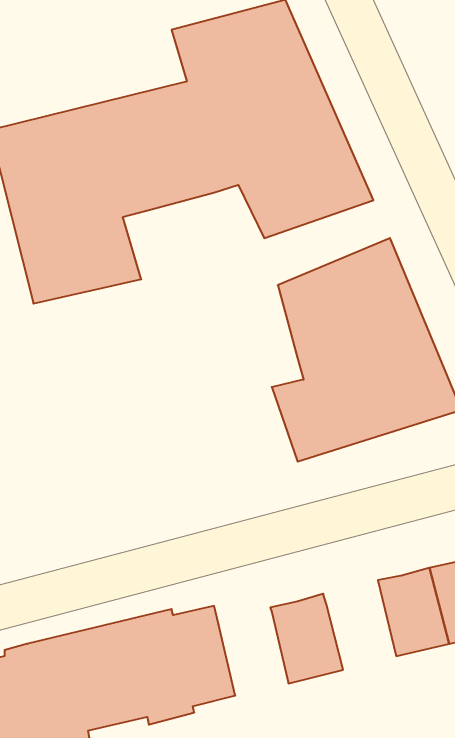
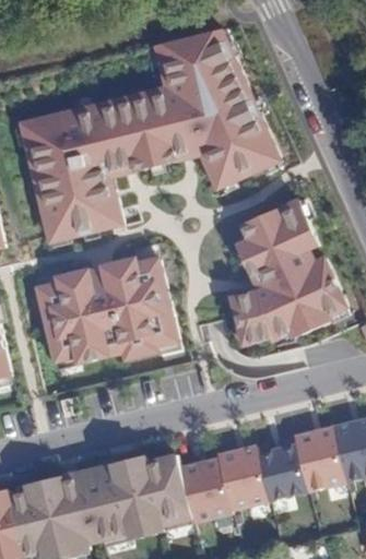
building: none -> [36,253,176,369]
building: none -> [258,437,308,501]
building: none -> [180,460,232,523]

